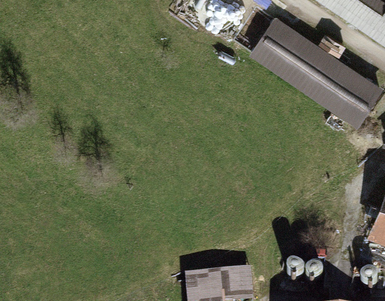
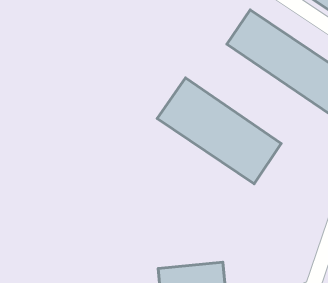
building: none -> [157,78,281,184]

